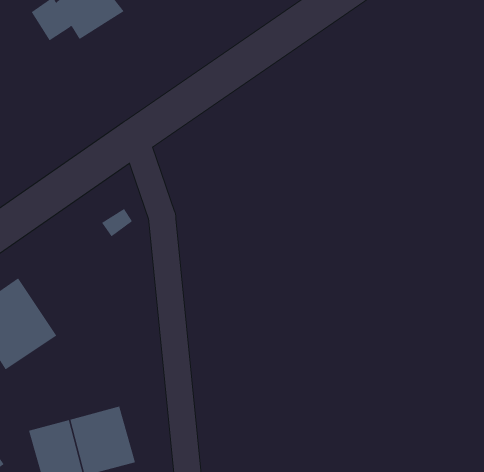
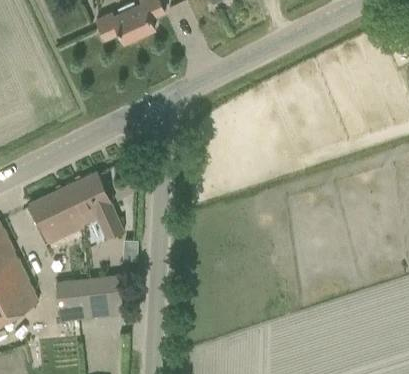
building: none -> [65,172,123,237]

